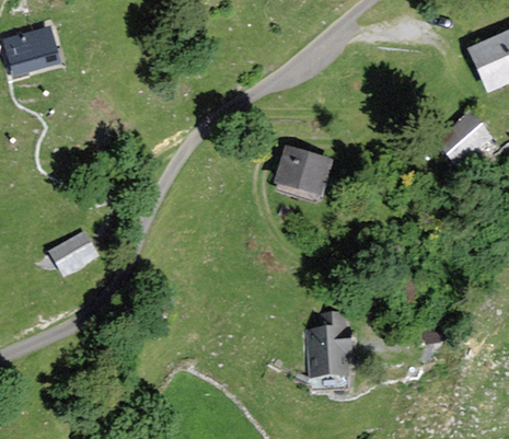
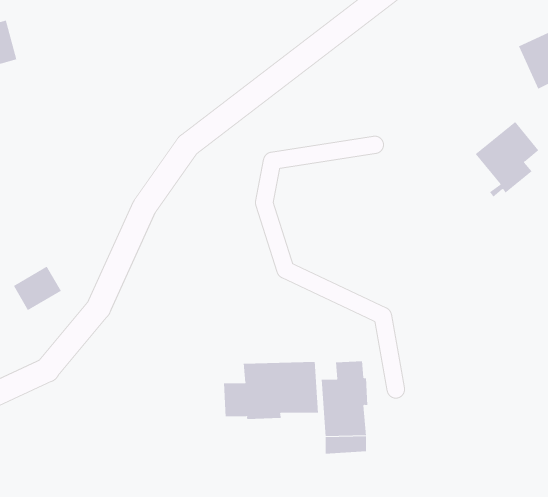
building: [278,149,326,189] -> none
building: none -> [224,361,318,420]

